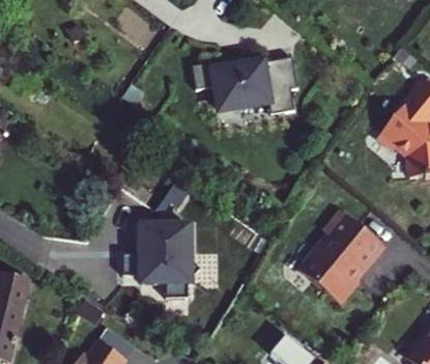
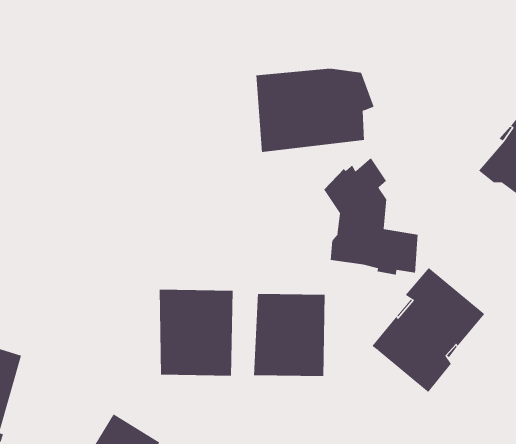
building: none -> [323,157,418,276]
building: none -> [254,293,325,377]

